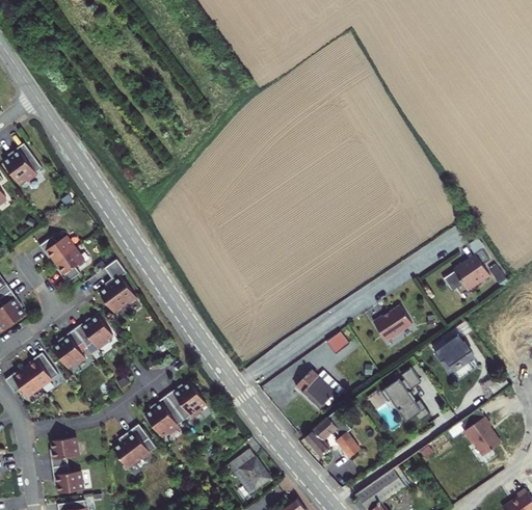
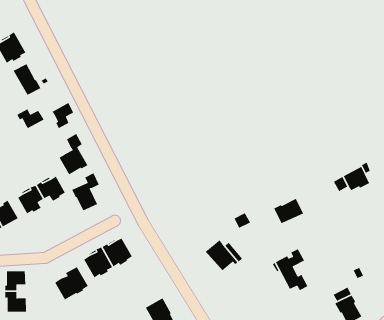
building: none -> [13,63,42,96]
building: [56,248,84,284] -> [52,102,74,129]
building: none -> [71,172,100,212]
building: [433,333,472,366] -> none
building: [303,413,360,457] -> none

